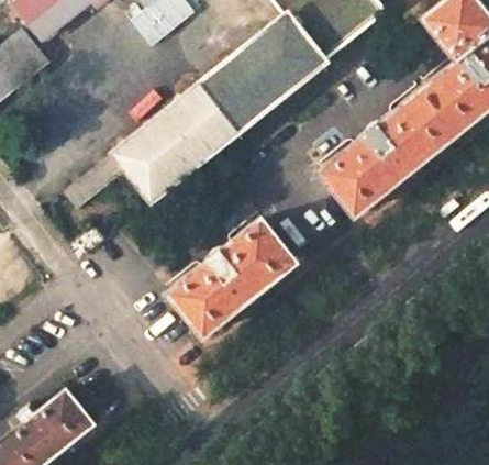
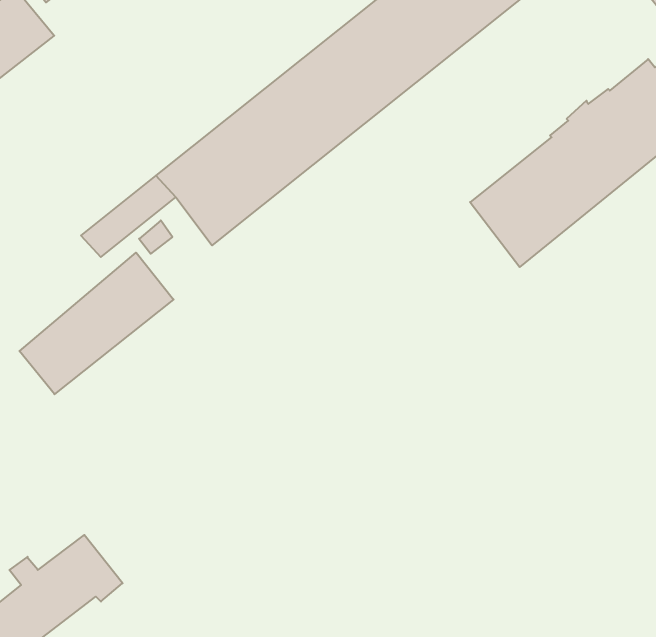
building: none -> [19,253,174,394]
building: [170,220,296,334] -> none

